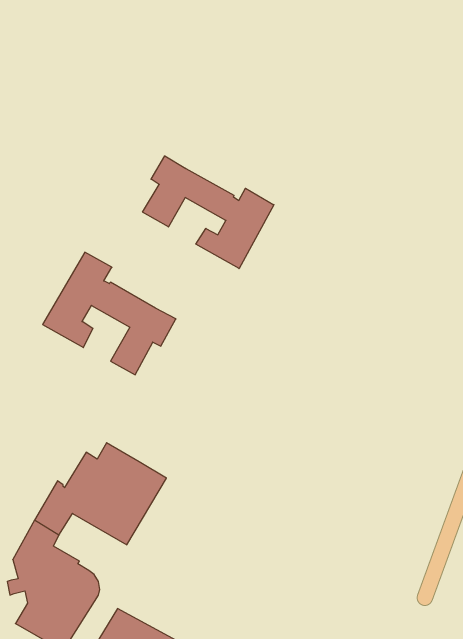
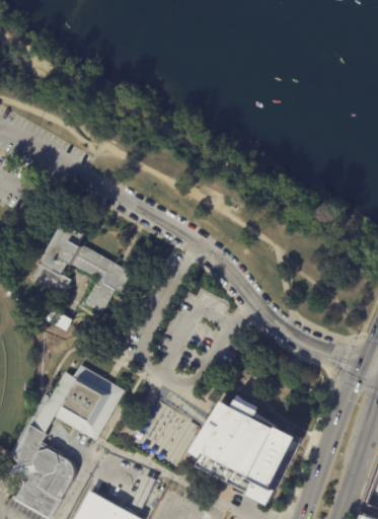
building: [143,156,274,269] -> none
building: none -> [193,396,307,507]

